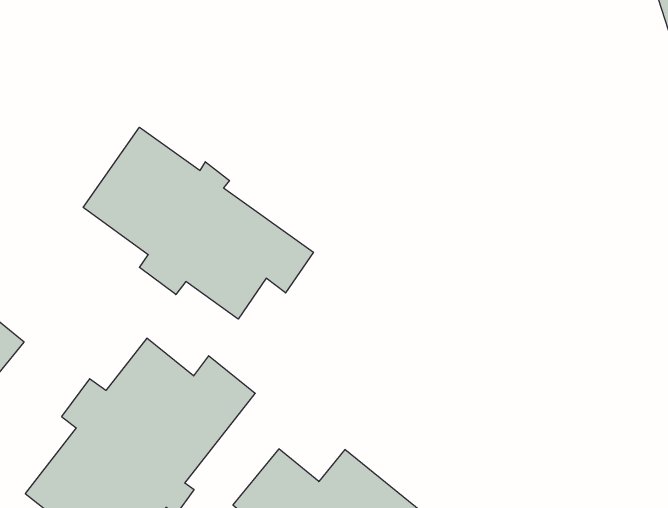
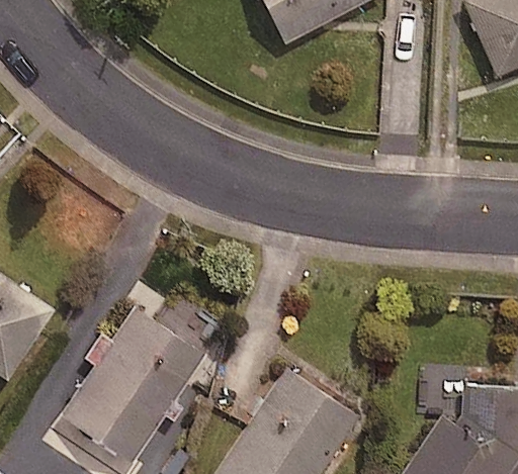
building: [83,127,313,319] -> none

